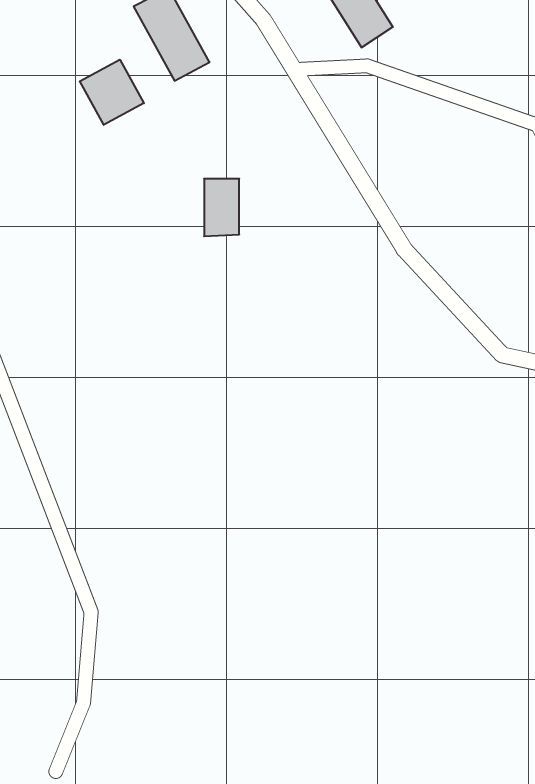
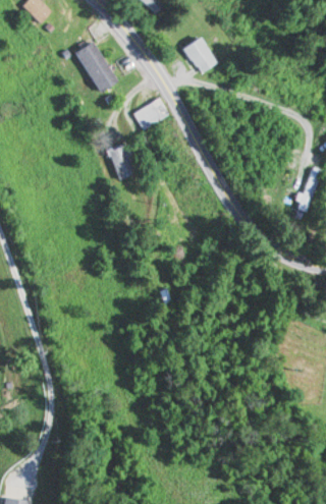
building: [80,60,144,125] -> none
building: none -> [134,97,171,130]

